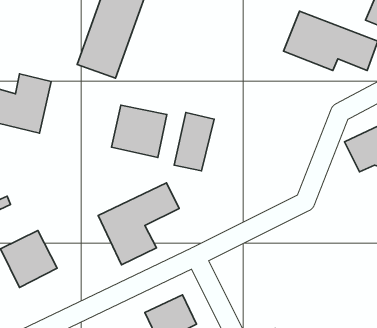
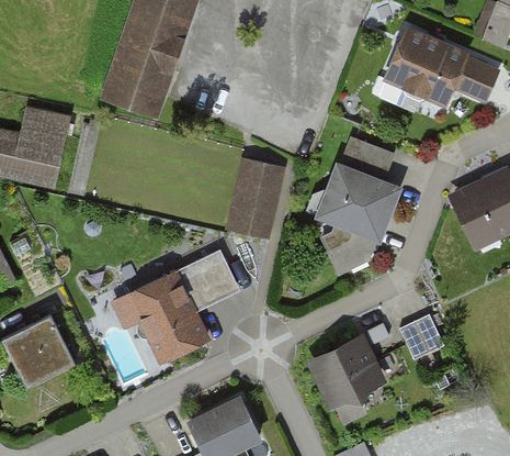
building: none -> [321,137,396,273]
building: [112,105,167,158] -> none
building: none -> [399,313,444,359]
building: none -> [314,340,379,401]

